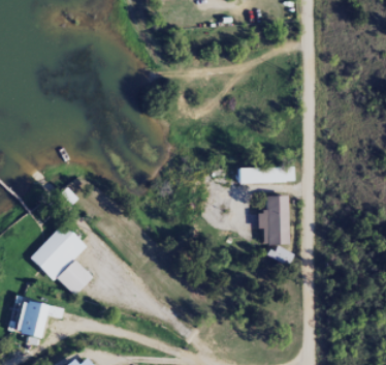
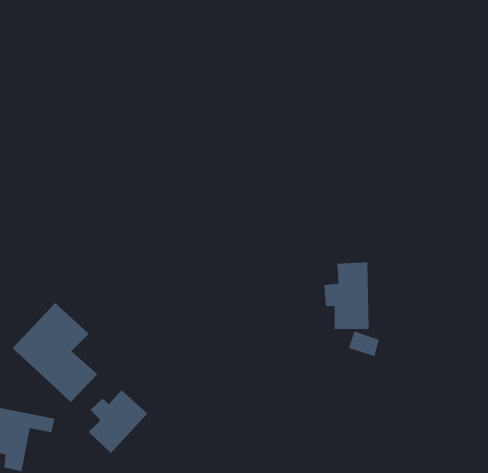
building: [236,166,296,183] -> none
building: none -> [88,389,148,454]

